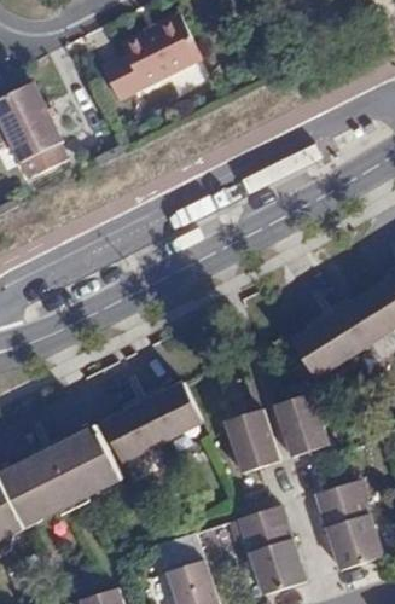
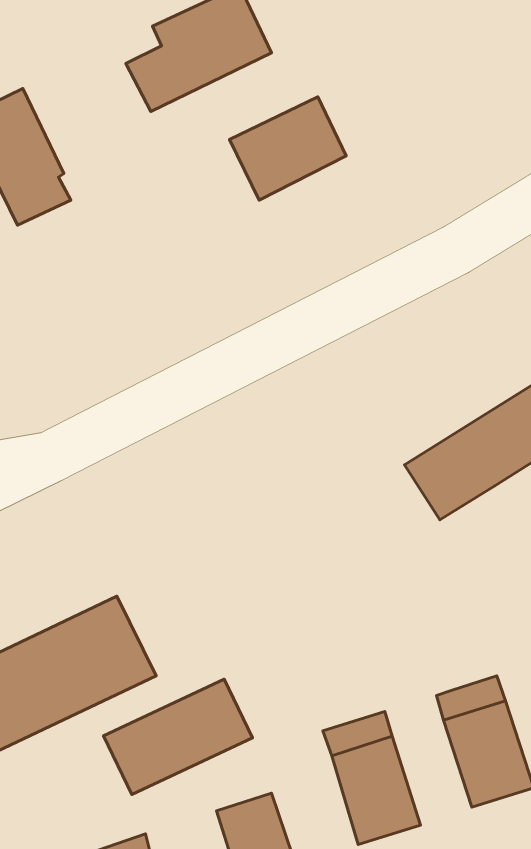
building: none -> [229,97,346,200]
building: [103,384,204,463] -> [103,679,252,795]
building: [273,394,327,459] -> none
building: [222,410,278,474] -> none

